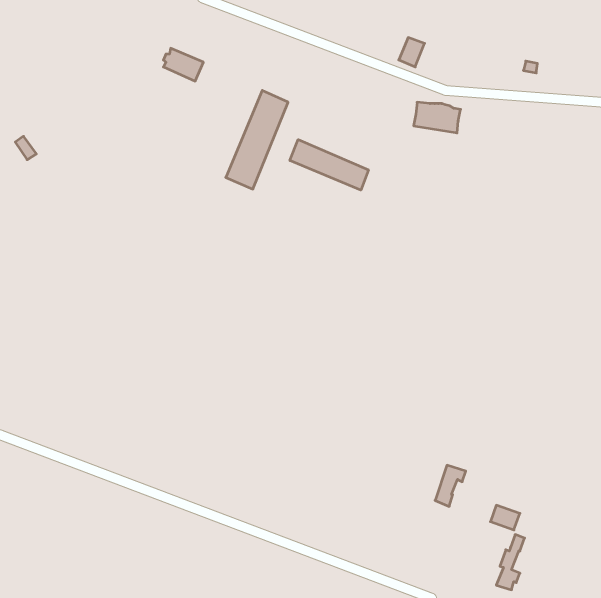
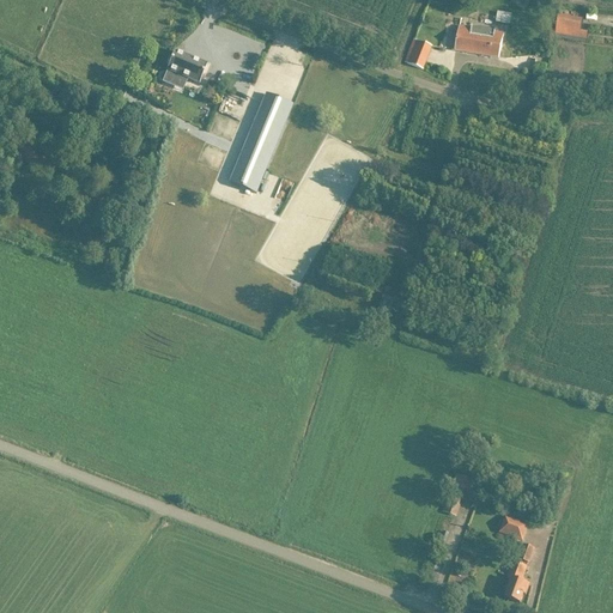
building: none -> [556,14,589,41]
building: [414,102,461,133] -> [455,25,503,56]
building: [290,140,368,190] -> none

